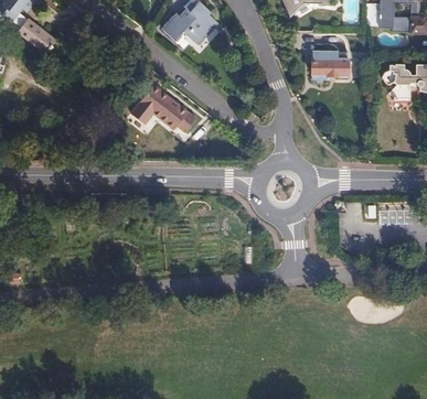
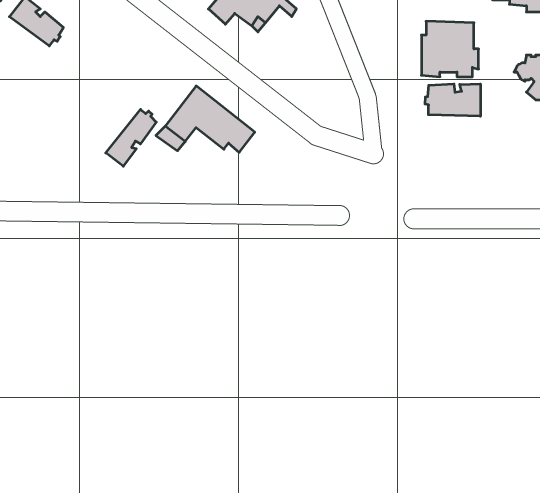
building: none -> [425,84,480,116]
building: none -> [106,109,156,166]

